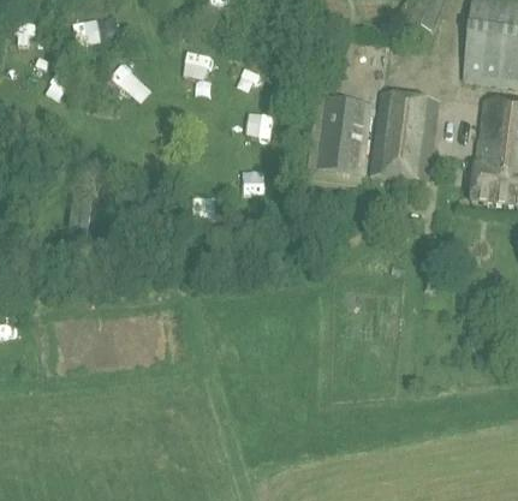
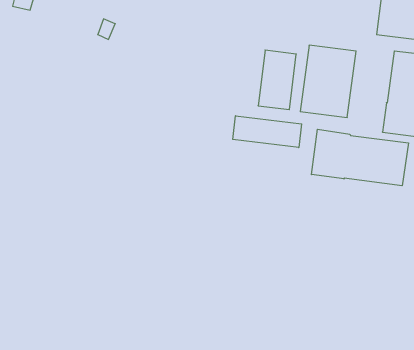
building: none -> [233,116,302,148]
building: none -> [311,129,408,186]

